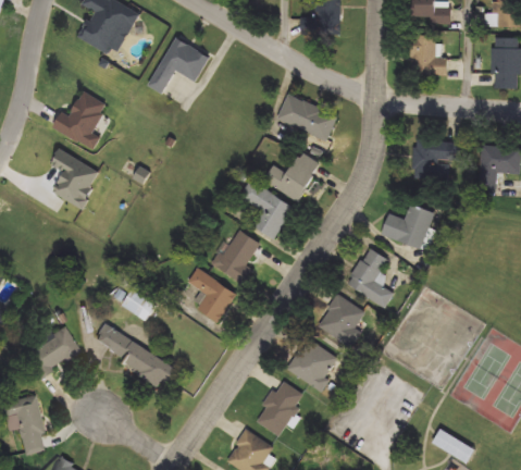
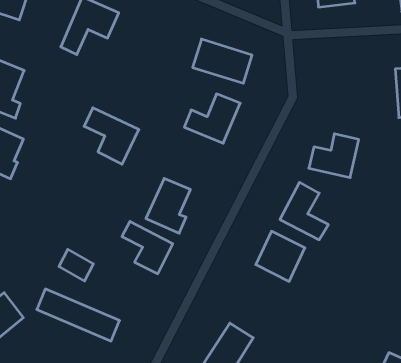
building: [414,139,460,182] -> none
building: [240,181,295,240] -> [84,108,139,164]
building: [287,337,342,391] -> none

